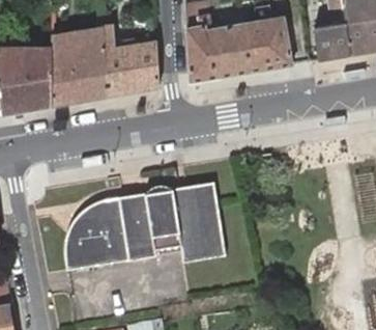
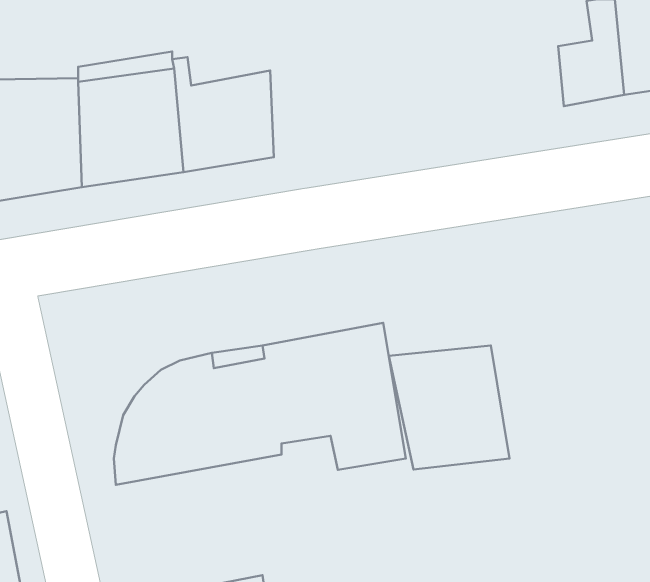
building: [185,17,289,82] -> none
building: none -> [389,345,510,469]

